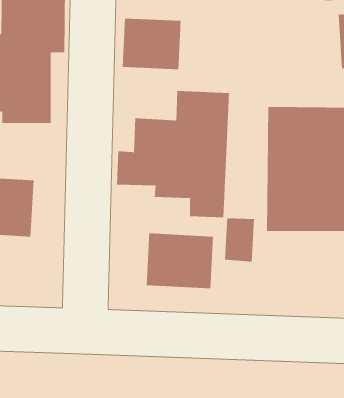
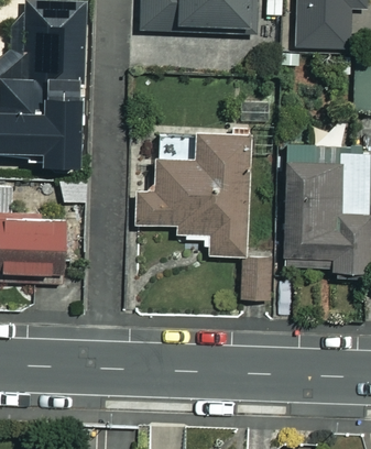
building: [122,18,181,70] -> none
building: [146,233,214,289] -> none

